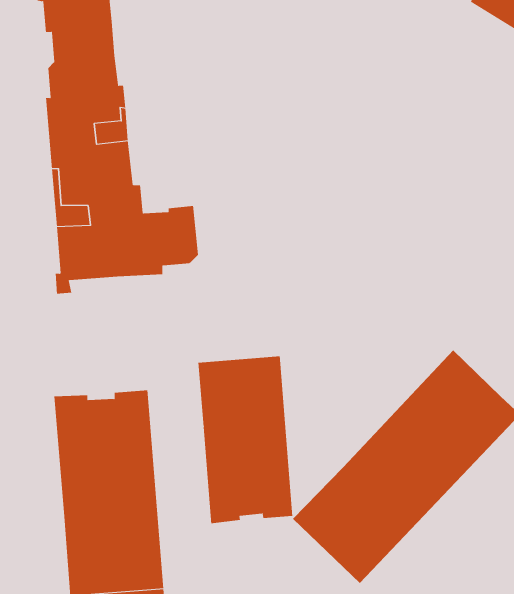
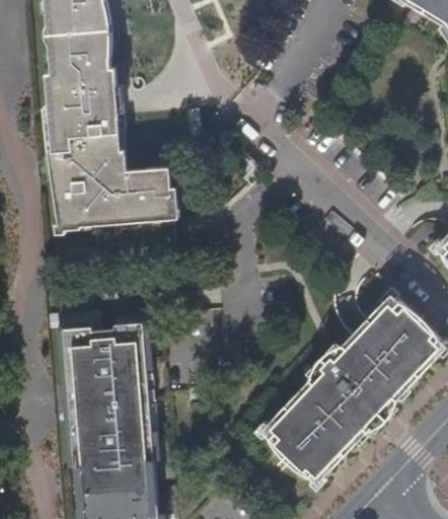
building: [198,356,293,524] -> none

